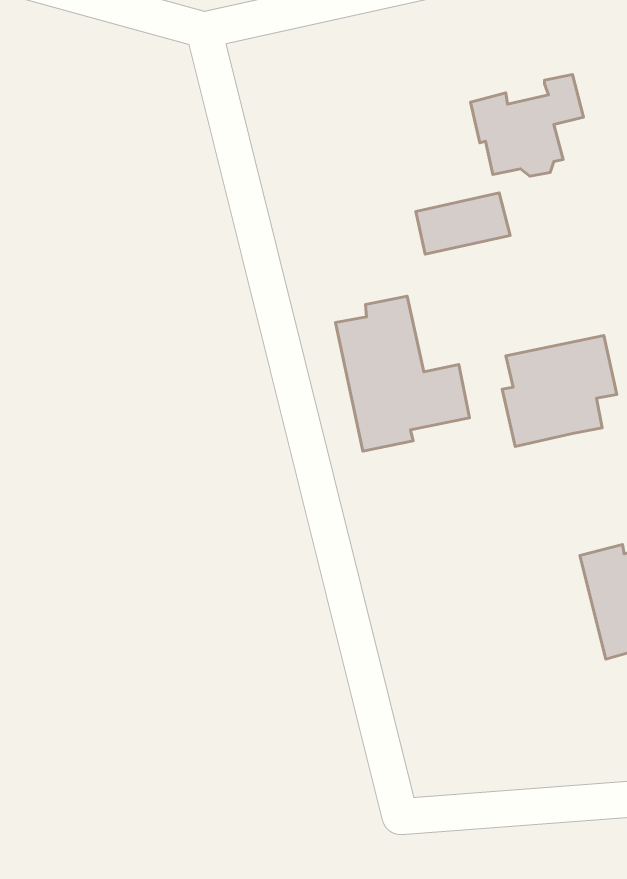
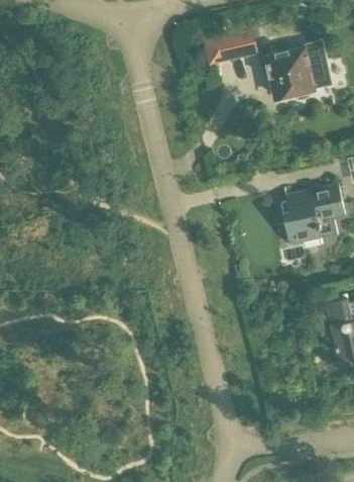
building: [416,193,510,254] -> [204,31,255,65]
building: [335,296,470,451] -> none

